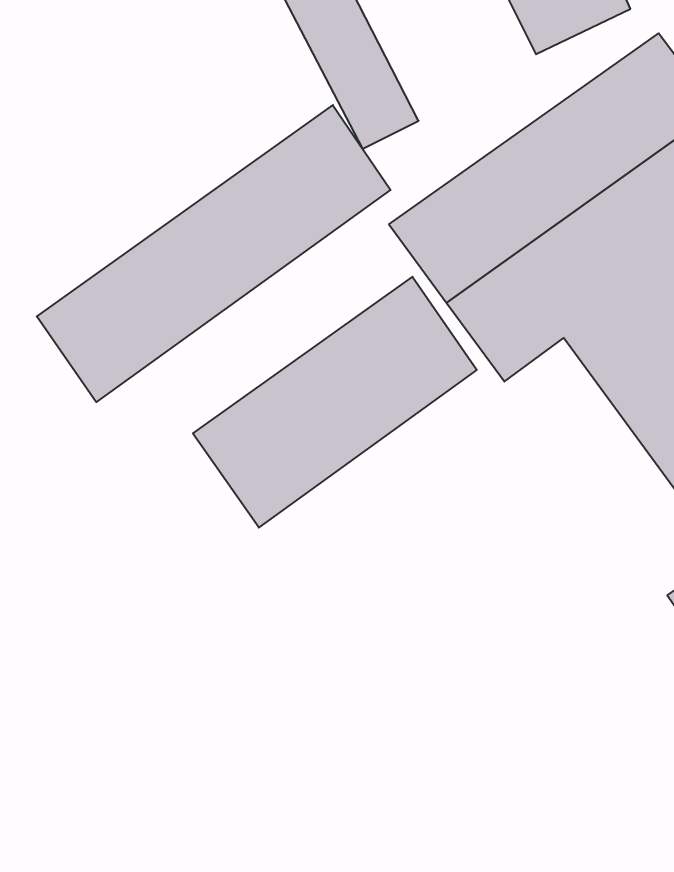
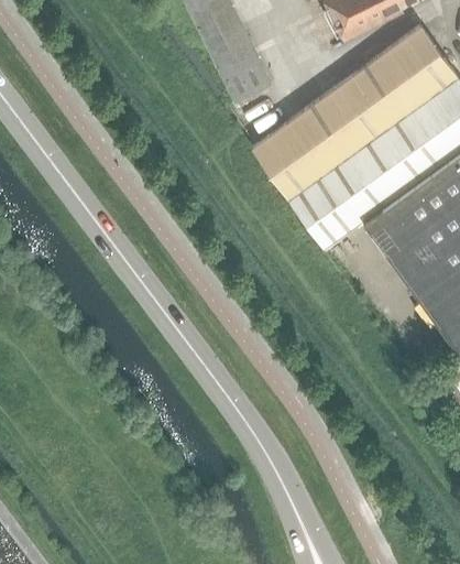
building: [37,105,391,402] -> none
building: [193,277,477,528] -> none

